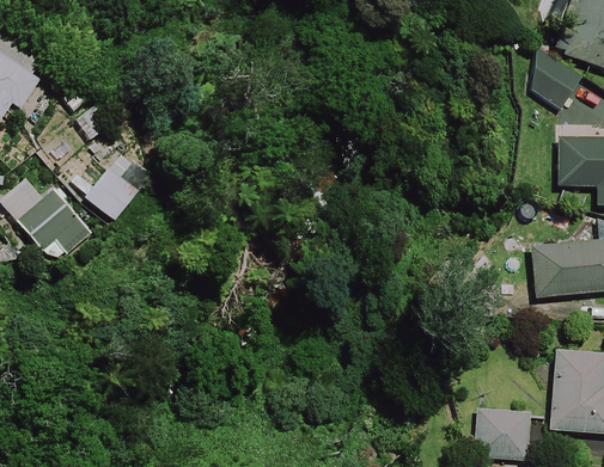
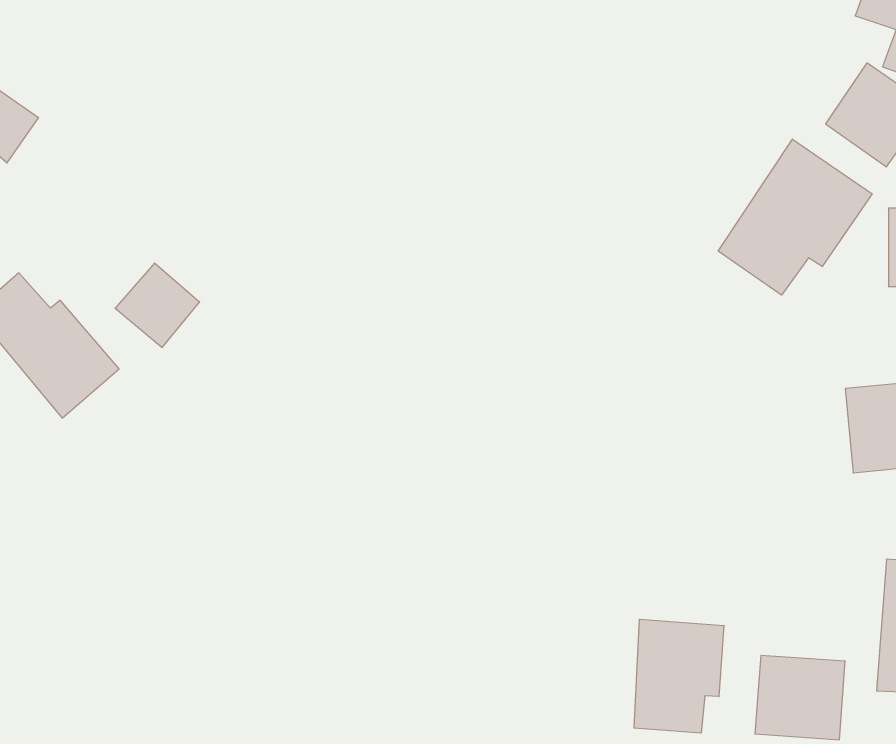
building: none -> [718,139,872,295]
building: none -> [634,619,724,733]

